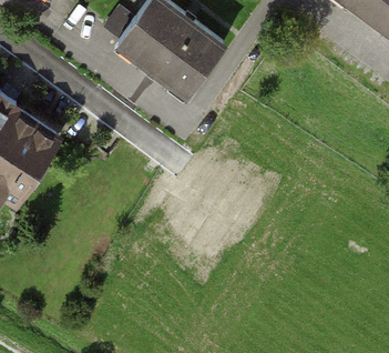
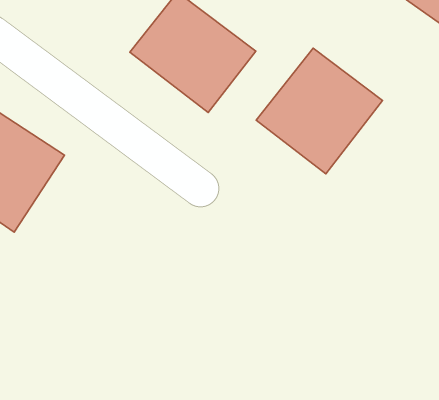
building: none -> [256,48,382,174]

